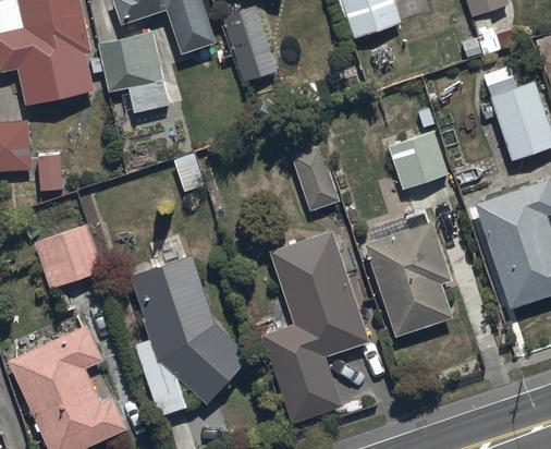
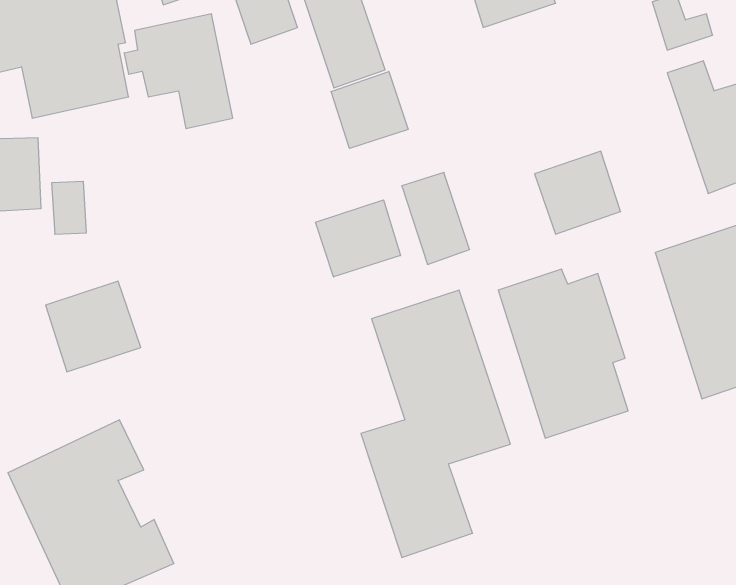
building: none -> [331,71,408,148]
building: none -> [315,200,401,277]
building: [131,254,250,417] -> none

